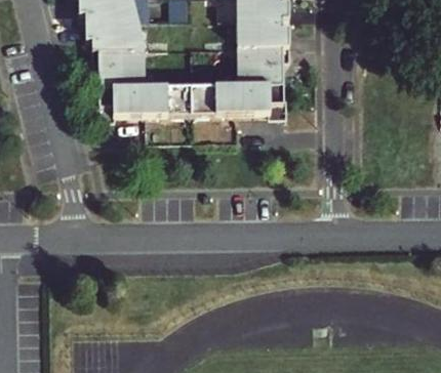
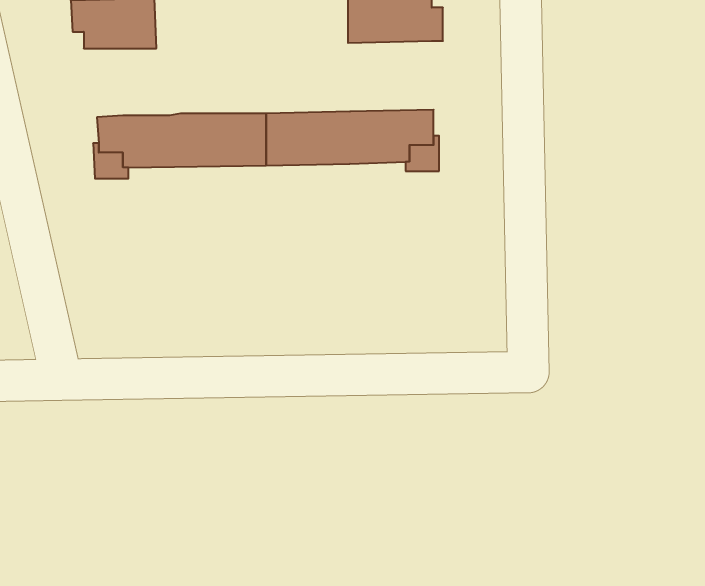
building: [239,42,292,81] -> none
building: [93,45,141,84] -> none

